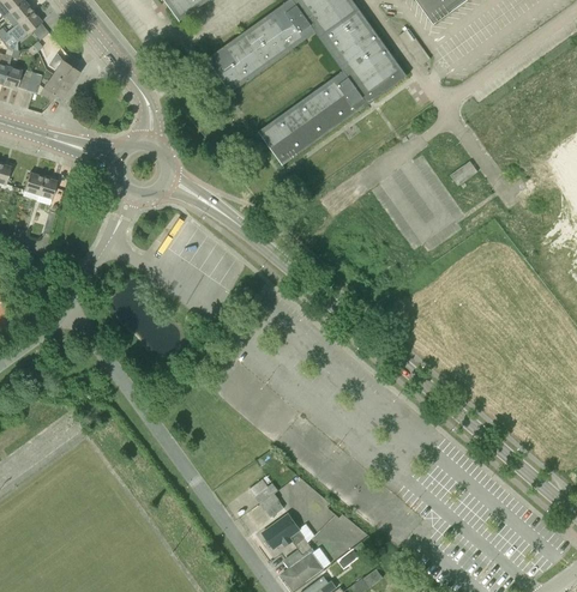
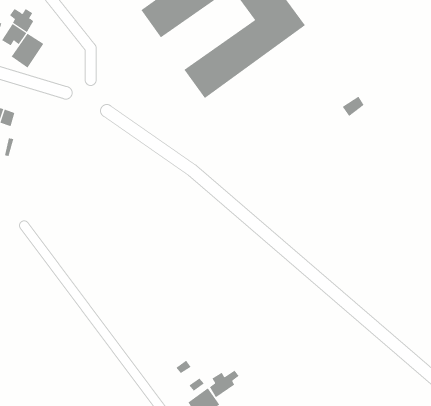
building: none -> [11,33,44,68]
building: none -> [209,370,239,398]

